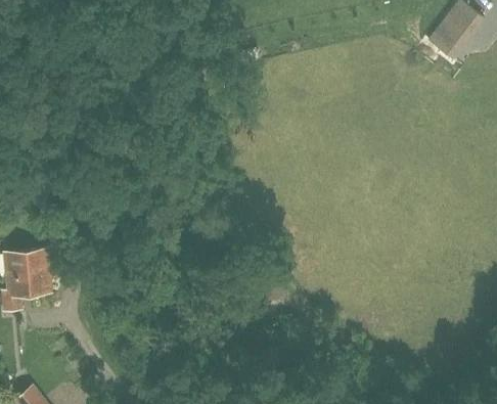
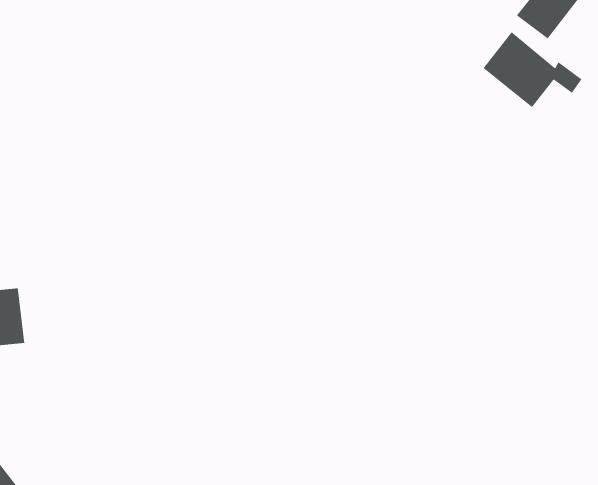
building: none -> [483,31,583,108]

